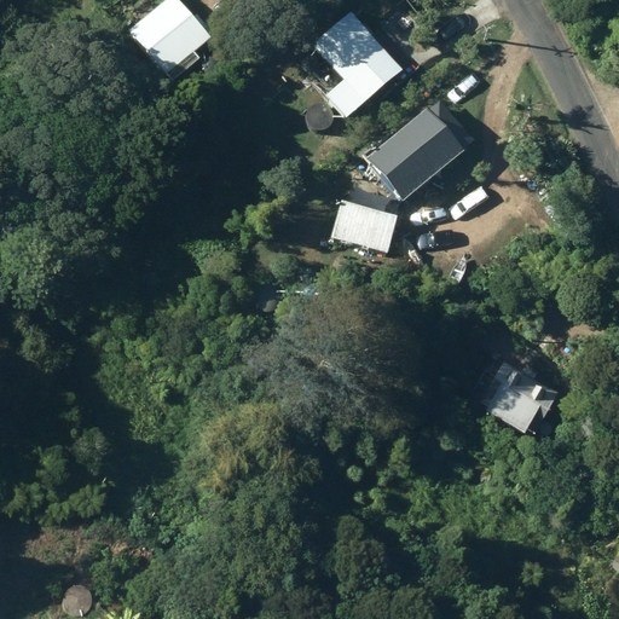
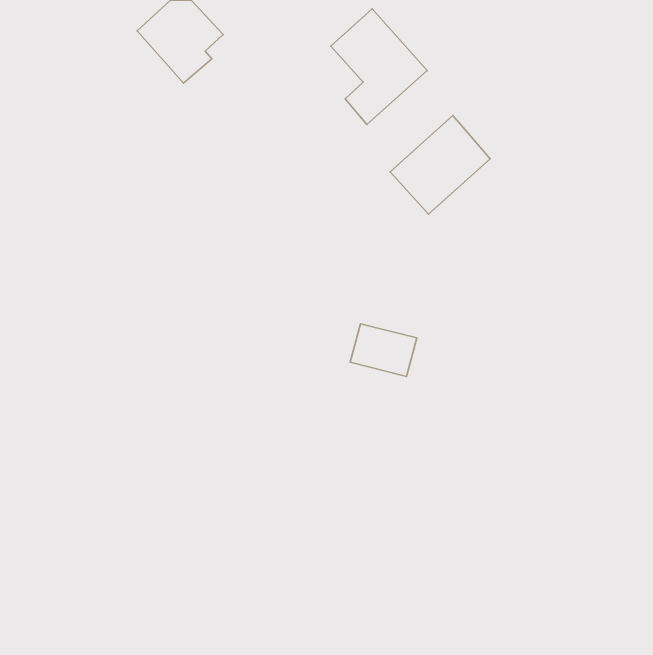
building: [332,202,395,251] -> [350,324,417,376]
building: [473,359,550,429] -> none

